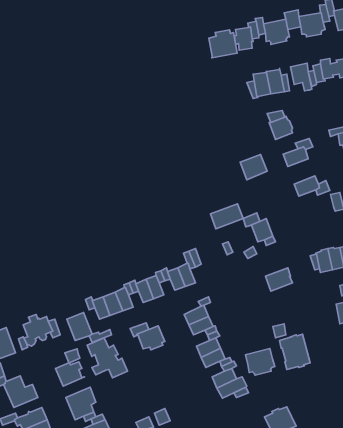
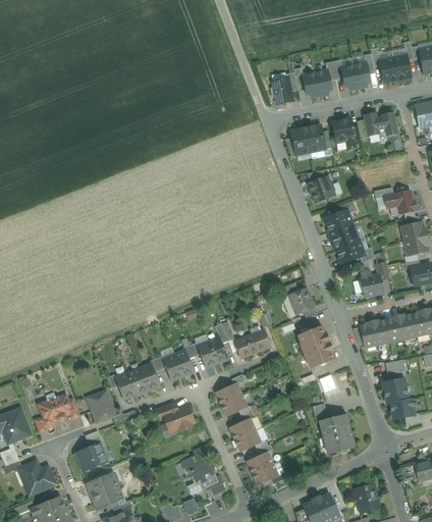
building: [209,30,237,58] -> none
building: [240,155,267,180] -> [329,223,359,251]
building: none -> [361,270,383,297]
building: [210,204,243,229] -> [234,330,270,358]
building: none -> [299,327,329,352]
building: [87,338,127,378] -> [182,454,226,498]
building: [246,348,275,375] -> none
building: none -> [355,484,380,513]

